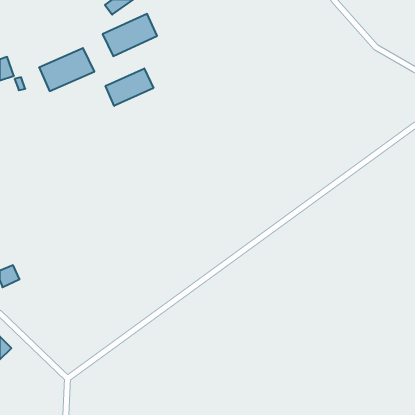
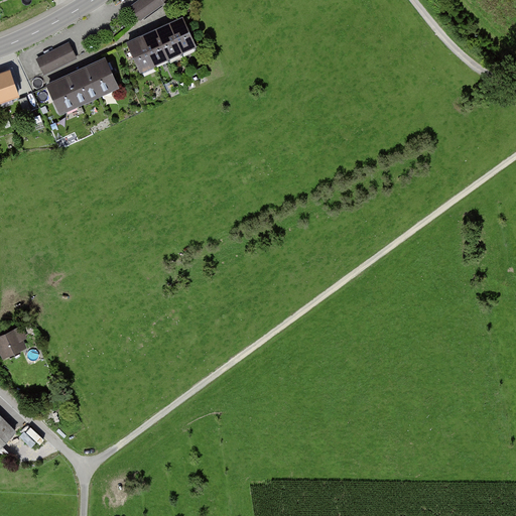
building: none -> [37,43,76,73]
building: [106,68,153,106] -> none

